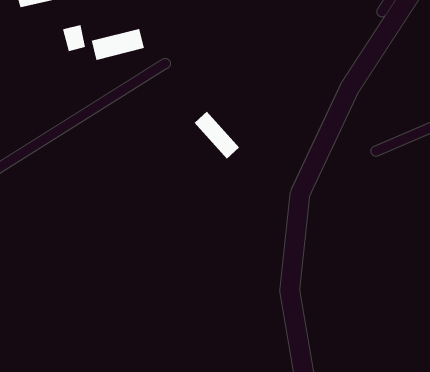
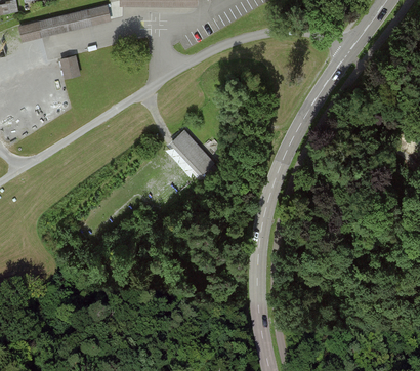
building: [91,28,145,61] -> none

